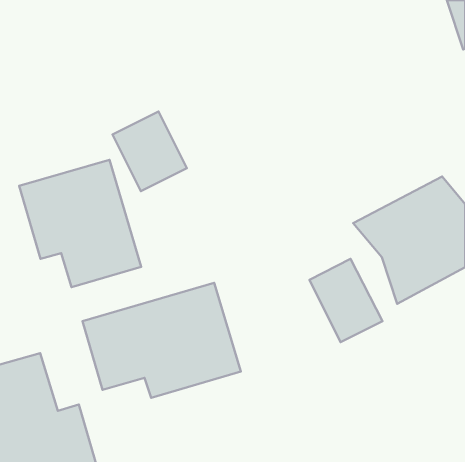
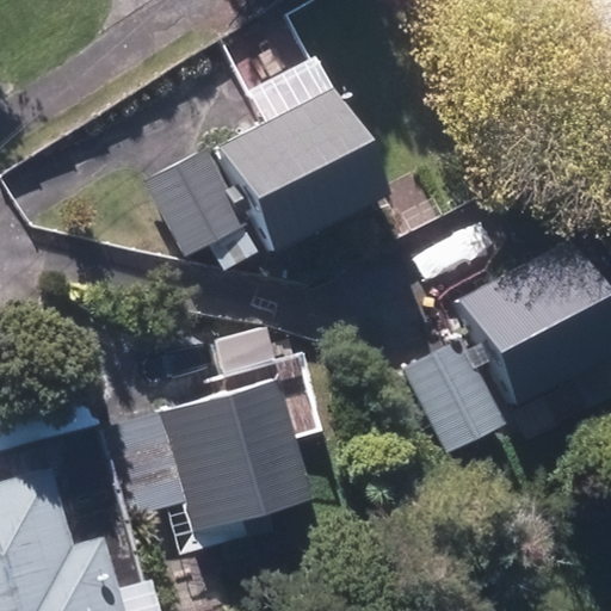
building: none -> [221,85,391,251]
building: [19,160,141,287] -> none

